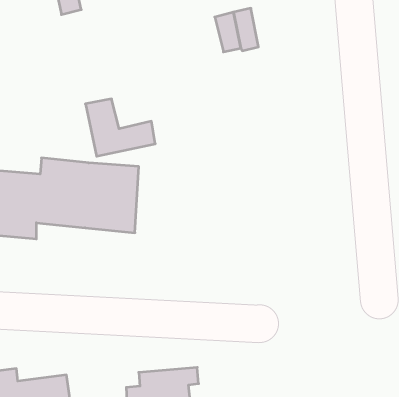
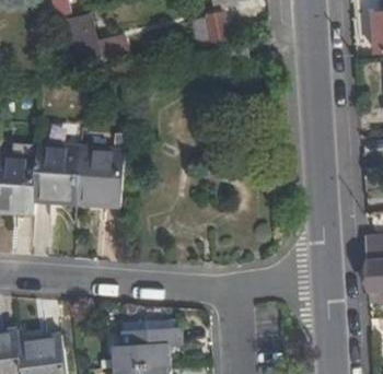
building: [85,99,155,156] -> [67,14,128,65]

